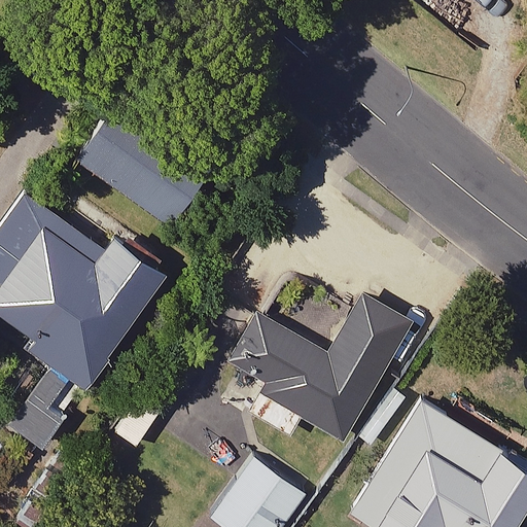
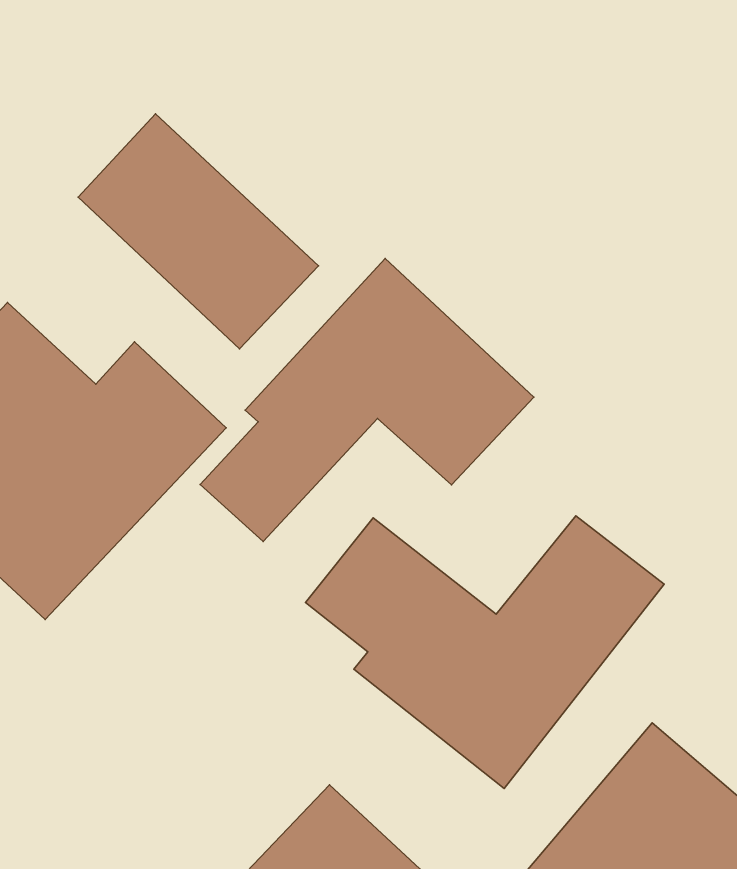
building: none -> [200,259,534,541]

